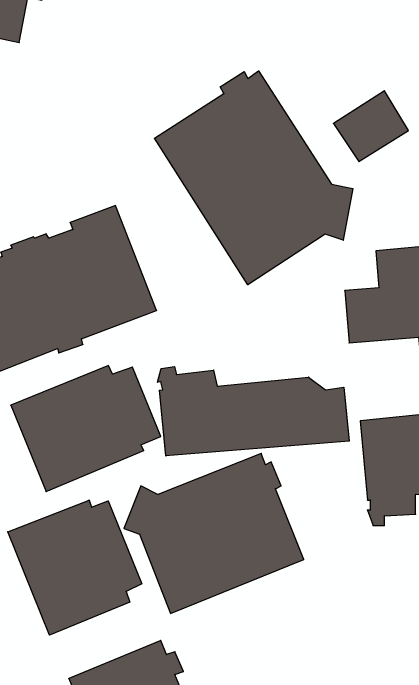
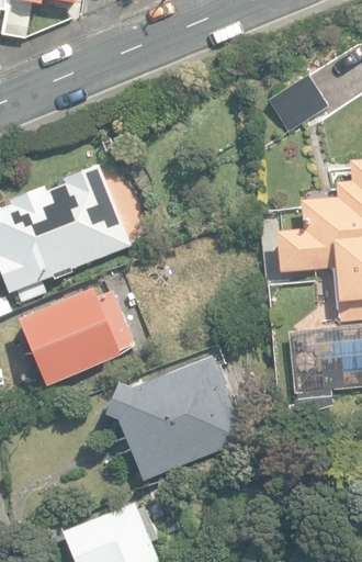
building: [154,71,353,285] -> none
building: [158,367,349,456] -> none
building: [8,500,142,635] -> none

